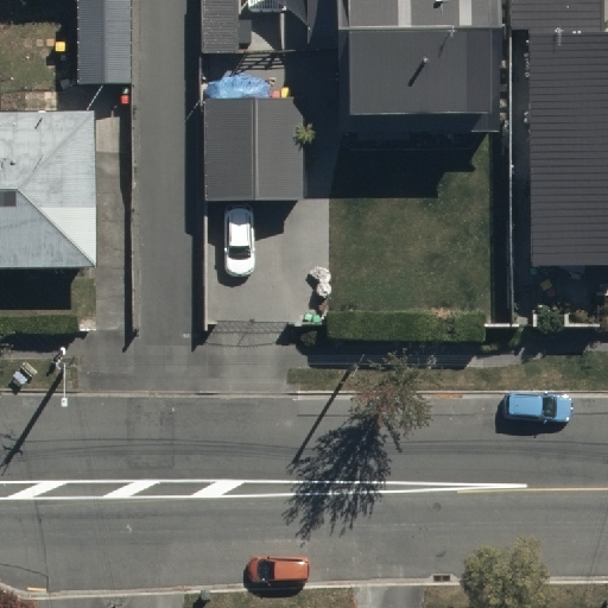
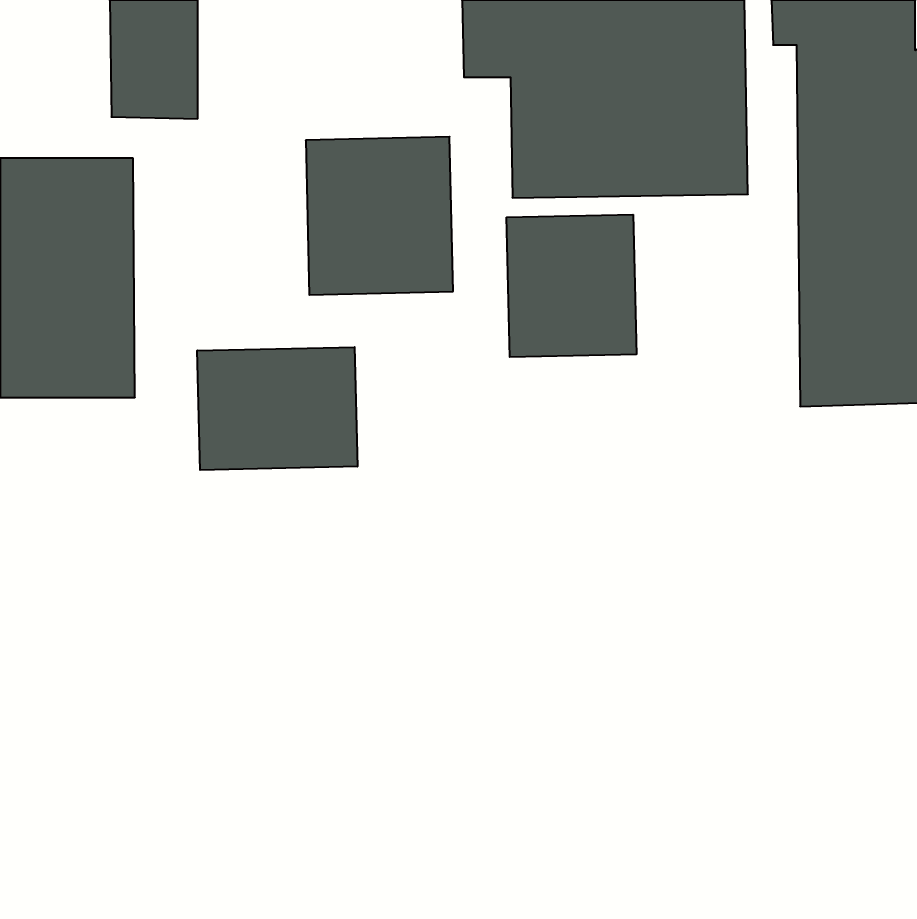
building: none -> [507,215,636,357]
building: none -> [197,347,357,470]

